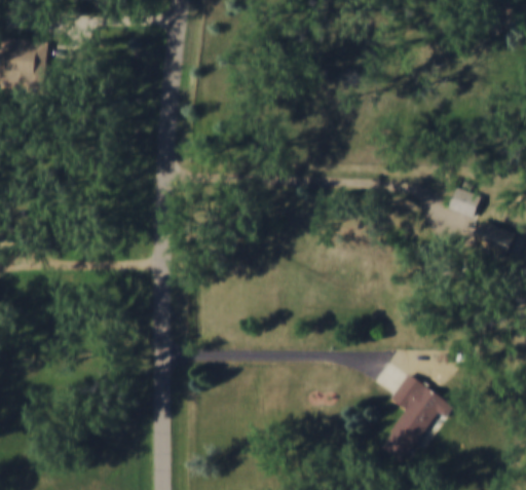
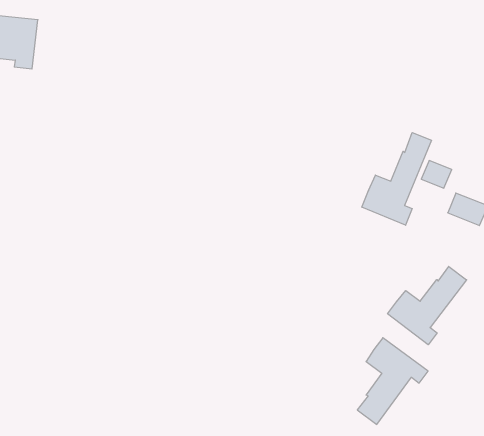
building: none -> [362,133,431,225]
building: none -> [388,266,467,345]

